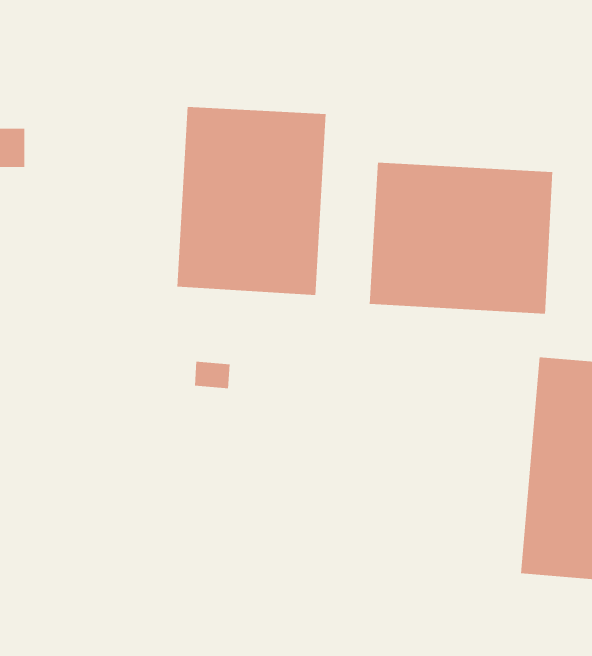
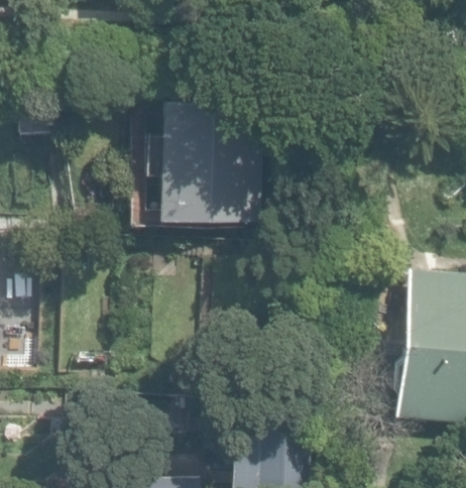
building: [369,162,553,315] -> none

